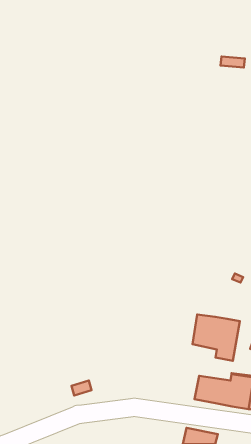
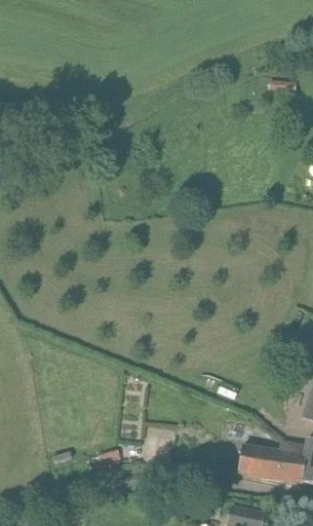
building: [193,315,240,361] -> none

